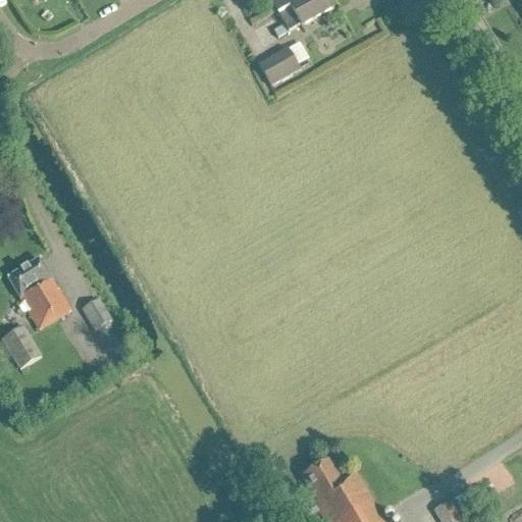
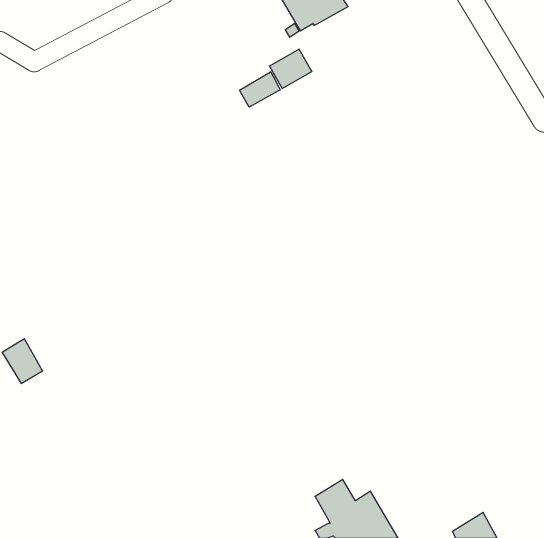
building: none -> [240,72,280,107]
building: [8,257,71,327] -> none
building: [81,298,111,330] -> none

